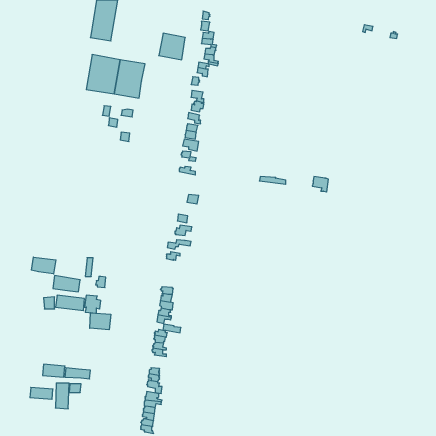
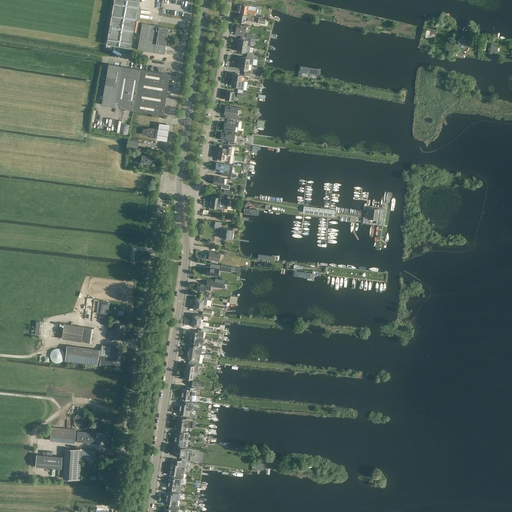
building: [159,33,185,60] -> [137,23,168,54]
building: [31,257,56,274] -> none
building: [90,313,111,330] -> none

